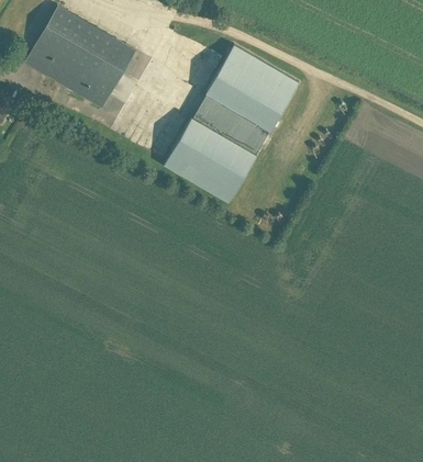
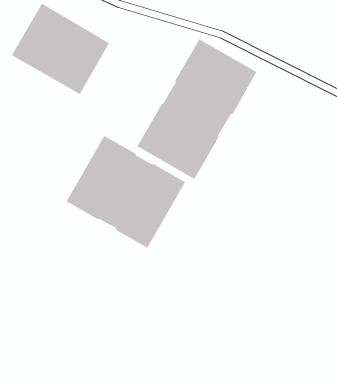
building: none -> [66,135,186,248]

